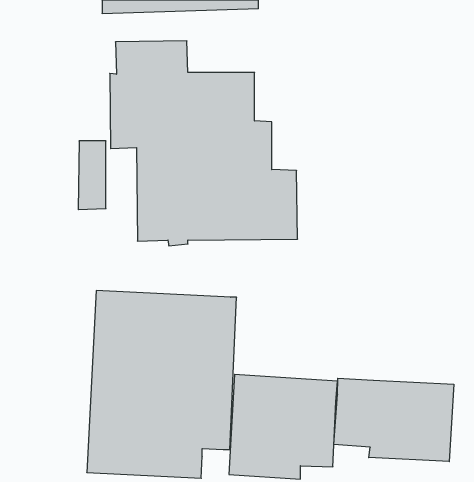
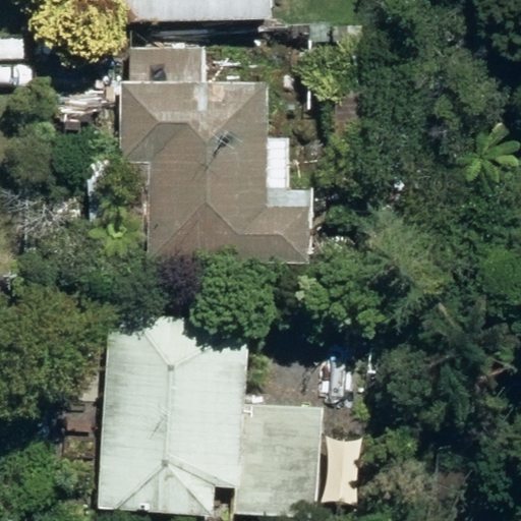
building: [334,378,454,462] -> none

